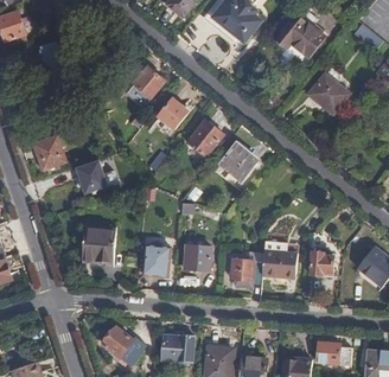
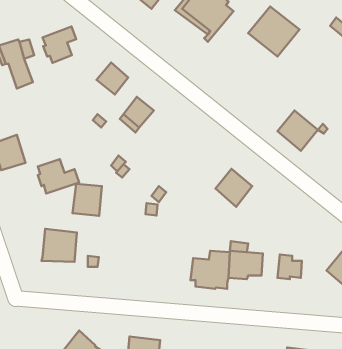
building: none -> [42,26,76,63]
building: [312,72,351,111] -> [277,110,318,151]
building: [184,120,219,156] -> none
building: [217,145,253,181] -> [216,169,252,207]
building: [183,243,211,270] -> none
building: [142,244,171,275] -> [72,184,102,216]

